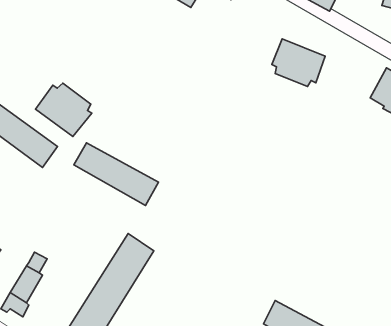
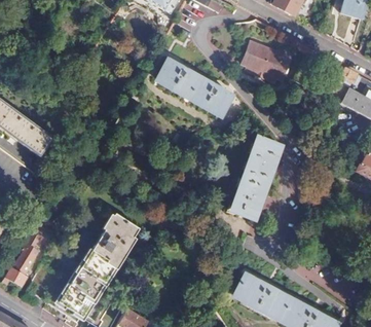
building: [35,83,92,137] -> none
building: [74,143,158,205] -> [156,60,231,115]
building: none -> [229,138,281,220]

